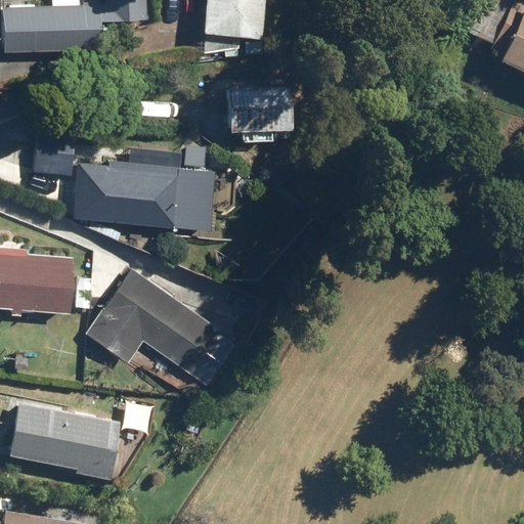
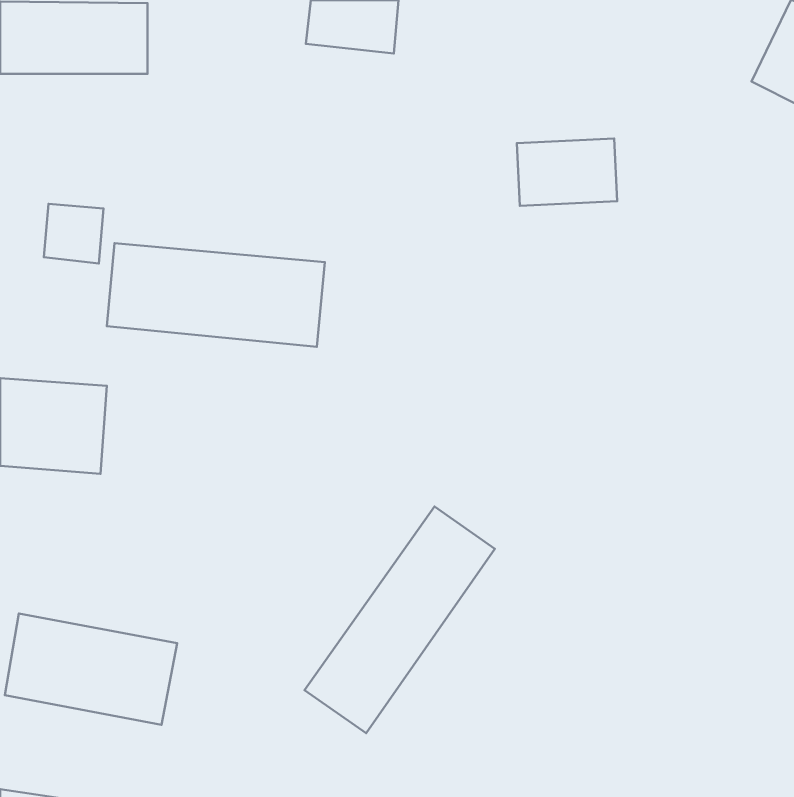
building: [227,86,293,130] -> [517,138,617,206]
building: [85,269,234,384] -> none
building: none -> [305,506,495,733]

